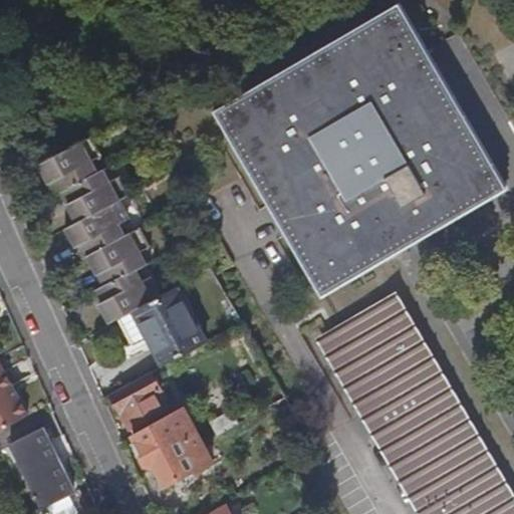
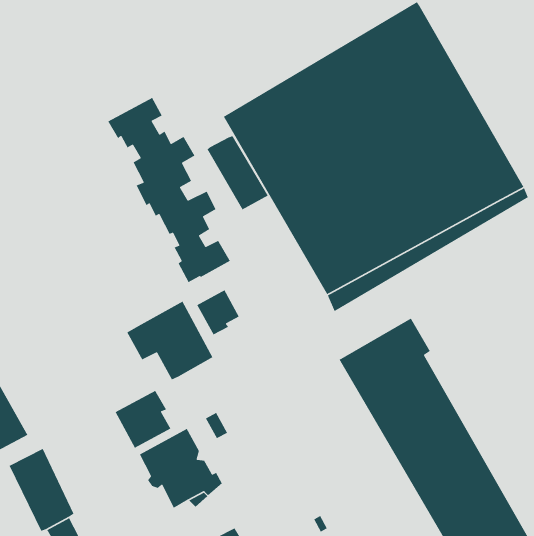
building: none -> [206,135,269,211]
building: [45,138,175,315] -> [107,97,243,283]
building: none -> [196,289,240,335]

